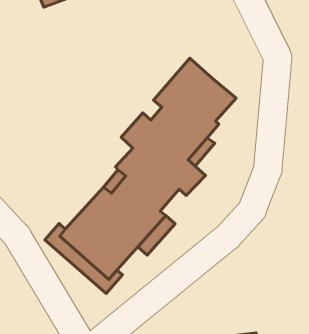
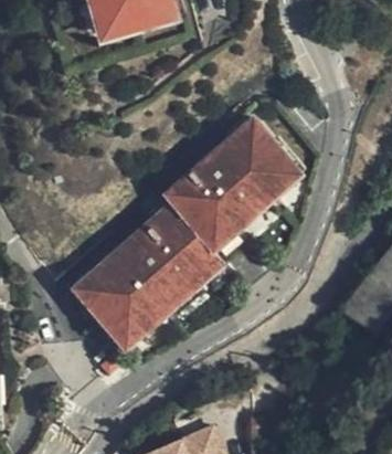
building: none -> [261,129,304,193]

